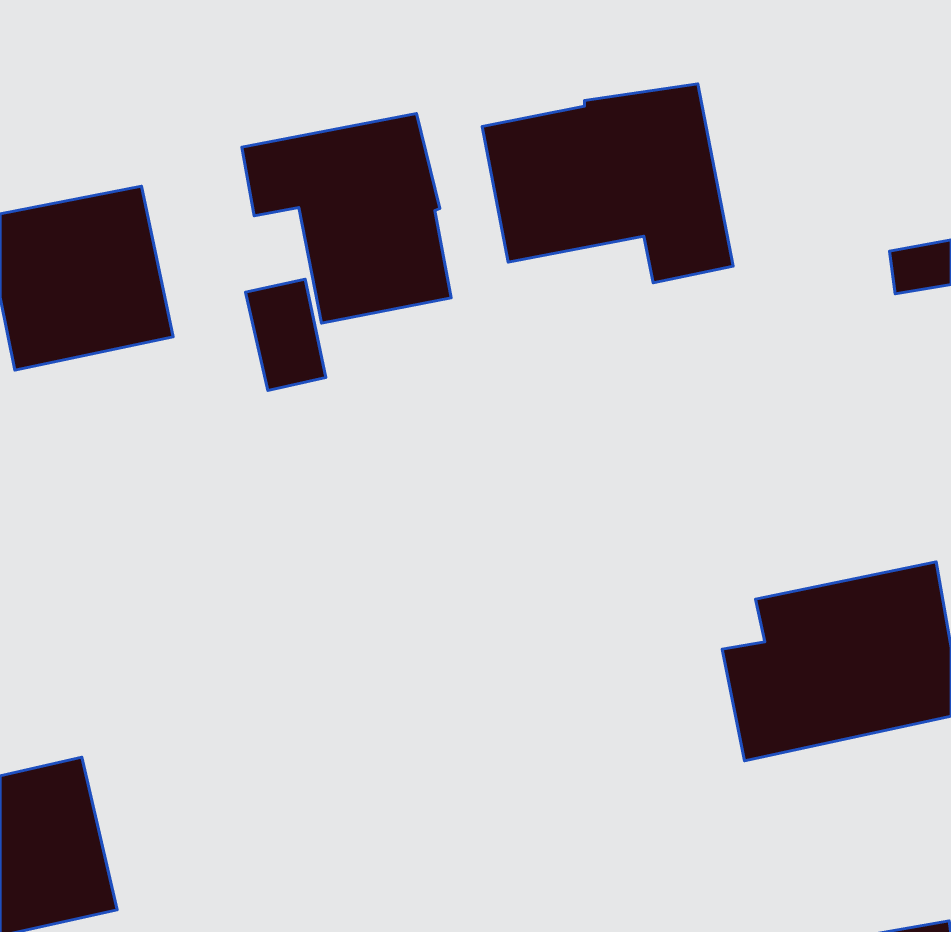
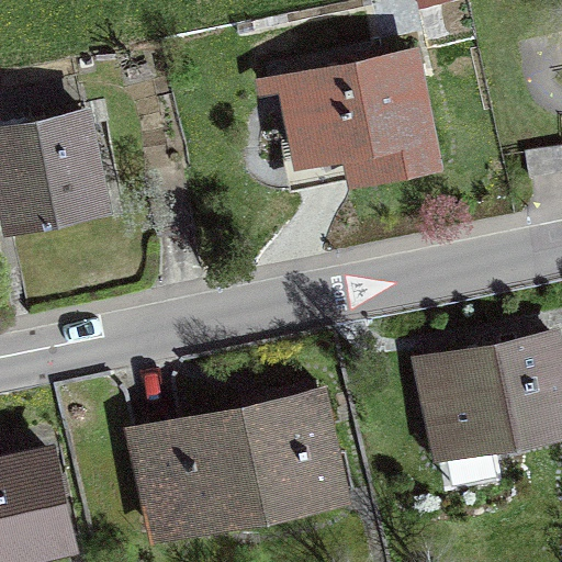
building: [242,113,451,323] -> none
building: none -> [137,389,338,529]

